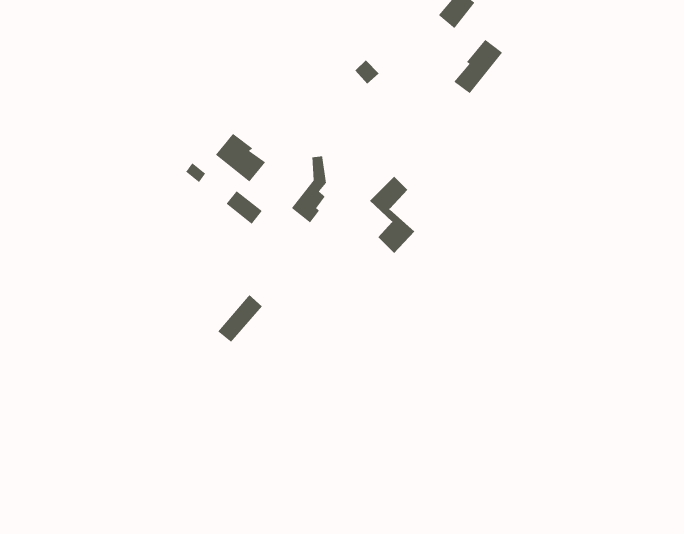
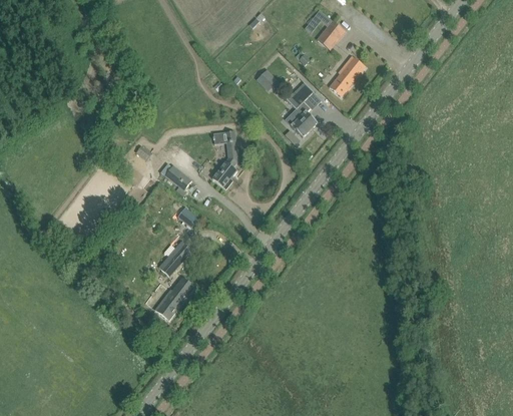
building: [215,133,266,182] -> none
building: [369,176,415,254] -> [284,80,317,136]
building: none -> [154,277,194,320]

